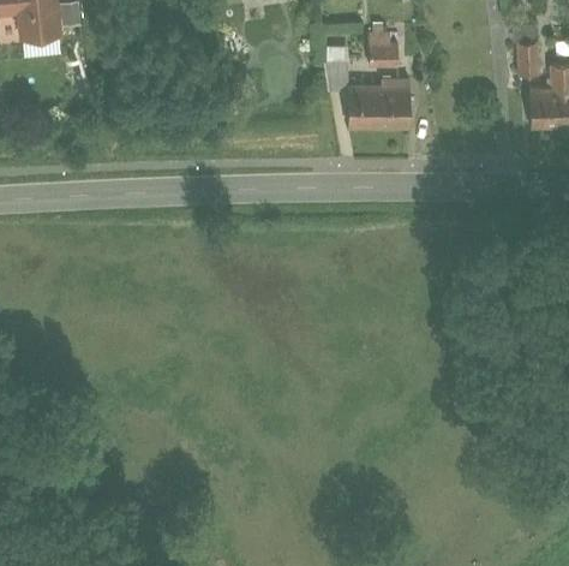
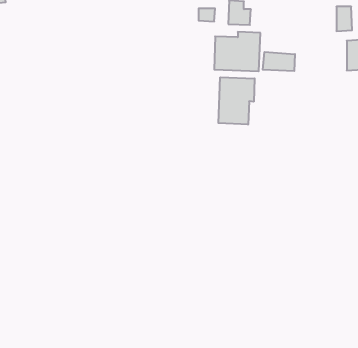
building: none -> [263,52,295,71]
building: none -> [218,77,255,125]

